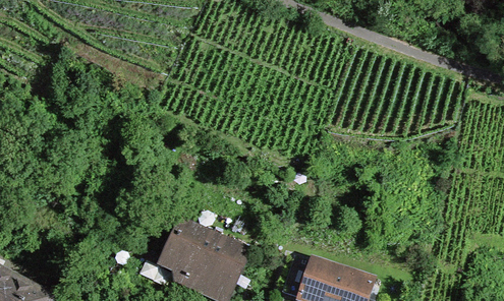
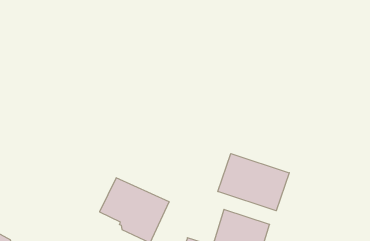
building: none -> [218,154,289,211]

